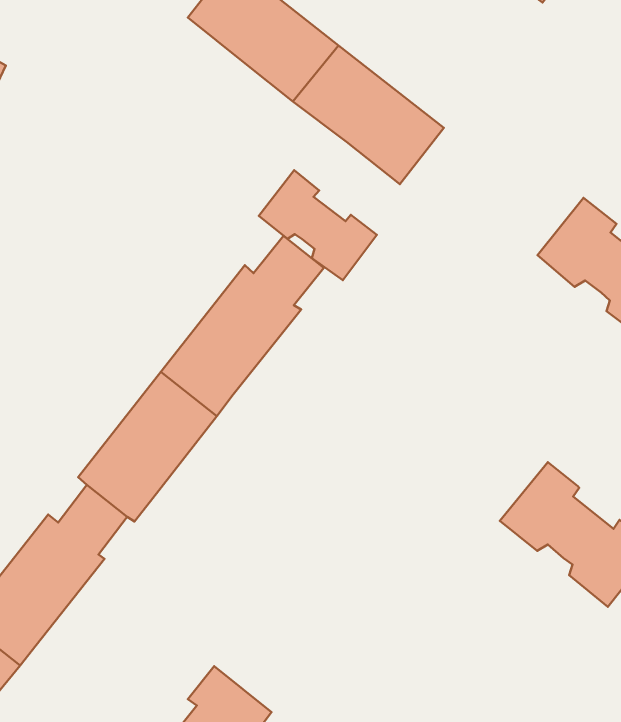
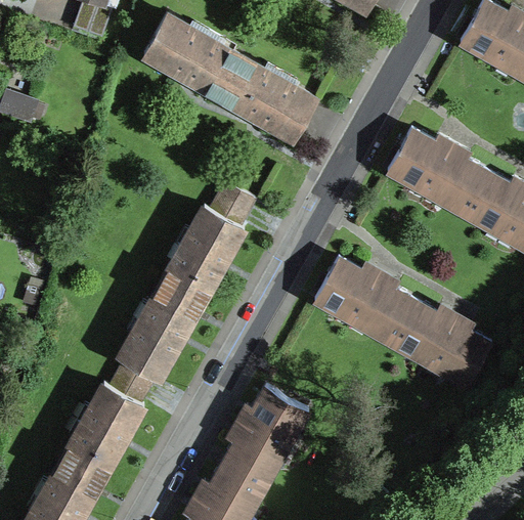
building: [259,170,377,280] -> none
building: none -> [314,258,414,343]
building: none -> [223,387,307,486]

